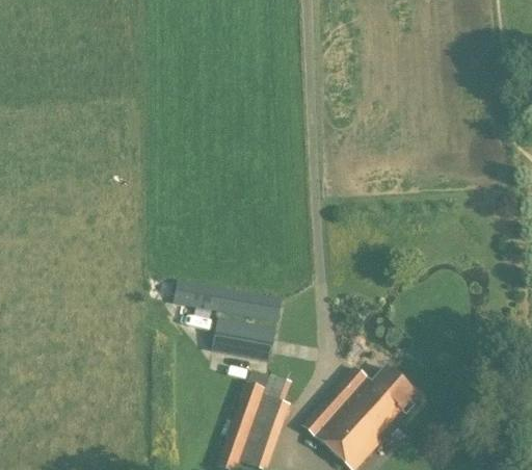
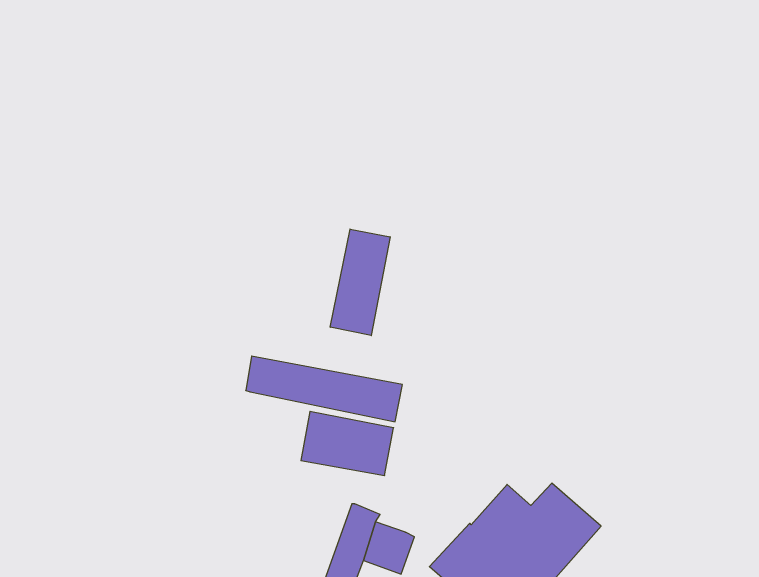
building: none -> [330,229,390,336]

